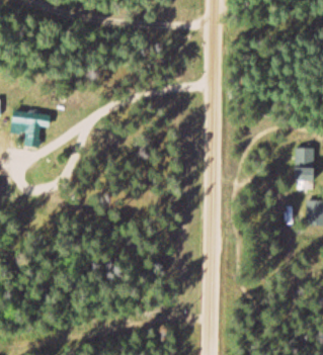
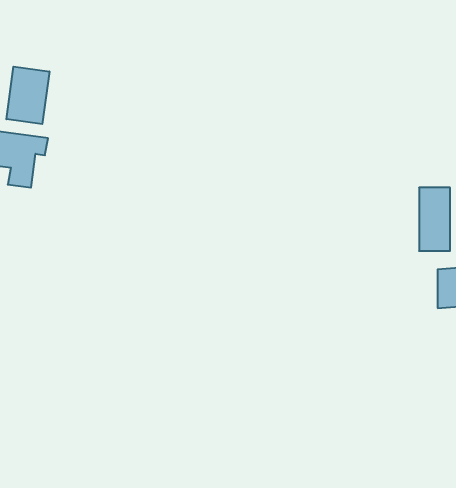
building: none -> [6,67,49,124]

